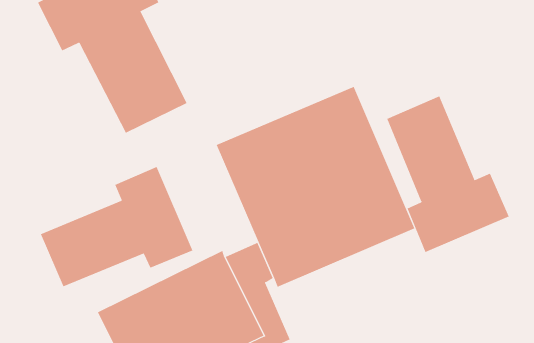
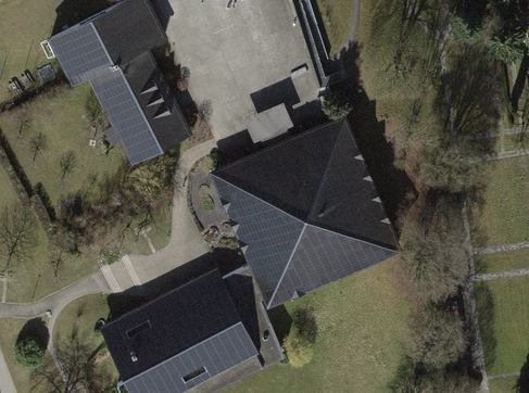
building: [387,96,509,253] -> none
building: [40,166,193,287] -> none

